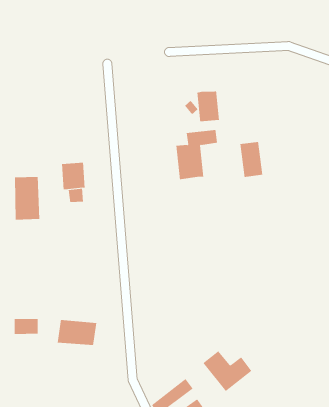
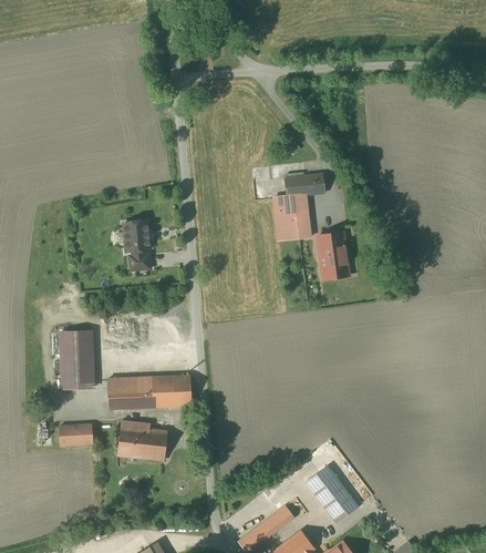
building: [197,90,220,122] -> none
building: [239,141,263,178] -> [318,232,349,279]
building: [14,176,40,220] -> [56,331,91,389]
building: none -> [107,375,189,410]

